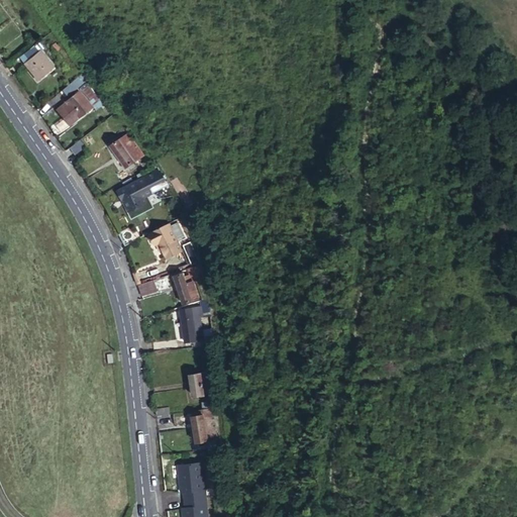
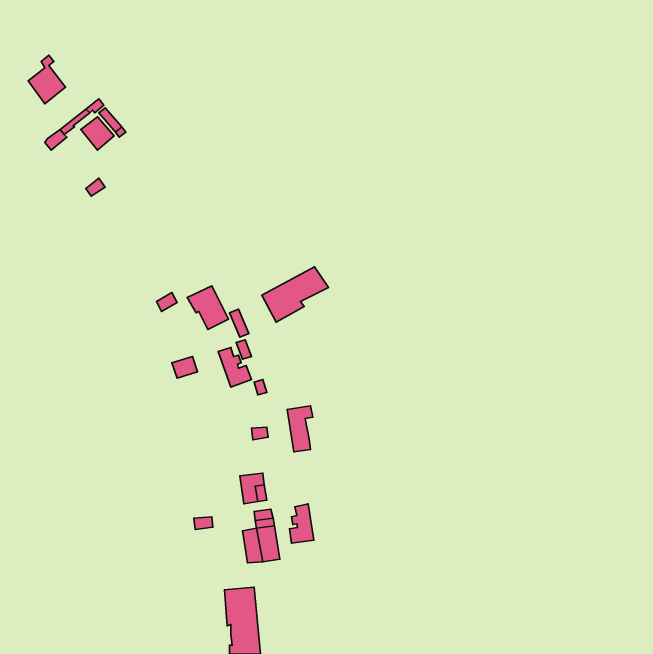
building: [110,134,143,168] -> none
building: [116,171,169,214] -> [262,267,329,322]
building: [178,307,198,343] -> [287,406,313,452]
building: none -> [289,504,314,543]

